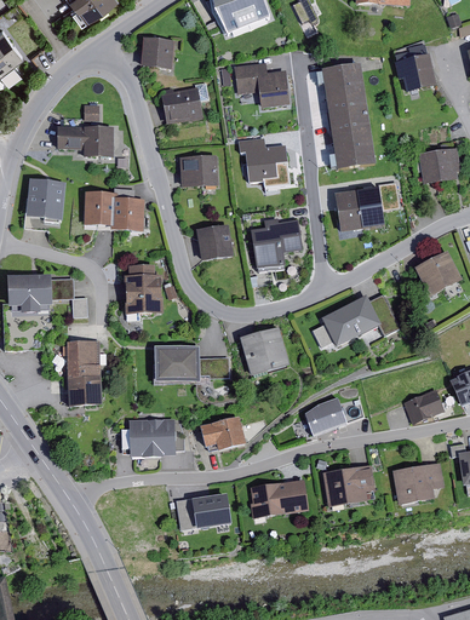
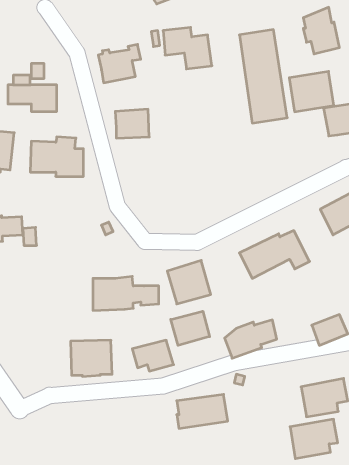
building: [141,38,174,70] -> none
building: [237,137,287,183] -> none
building: [333,186,384,232] -> [289,71,334,112]
building: [251,218,303,269] -> none
building: [195,225,233,262] -> none
building: [124,265,162,314] -> none
building: [62,340,102,408] -> none
building: none -> [171,311,210,345]
building: [321,464,376,509] -> [290,419,338,459]
building: [176,495,231,532] -> none

